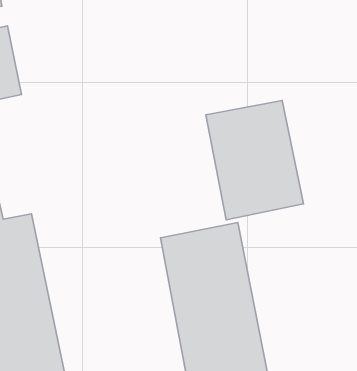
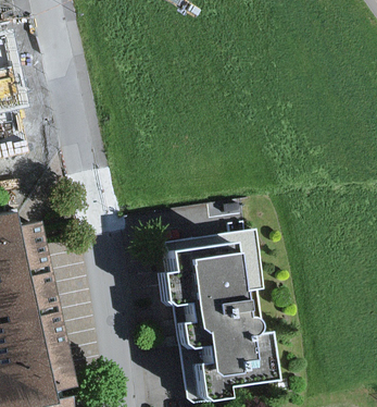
building: [206,100,303,220] -> none

